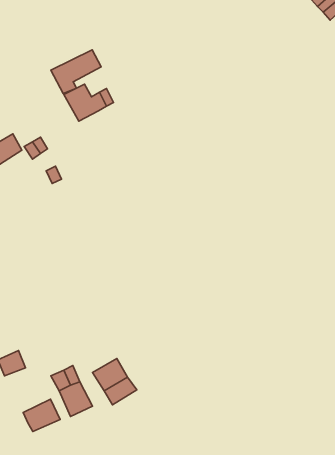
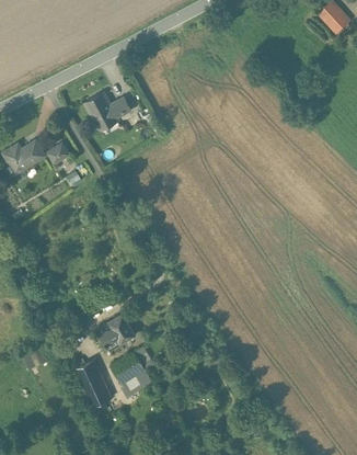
building: [51,50,101,94] -> none
building: none -> [96,315,135,352]
building: [23,399,60,431] -> none

